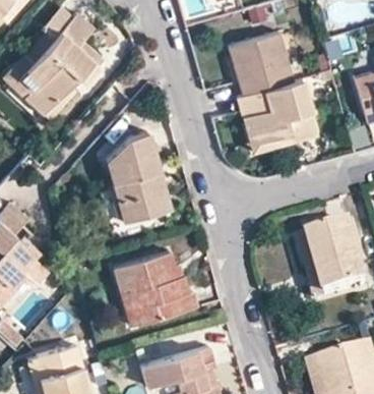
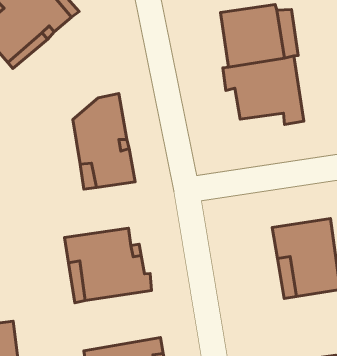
building: [242,111,299,152] -> none

